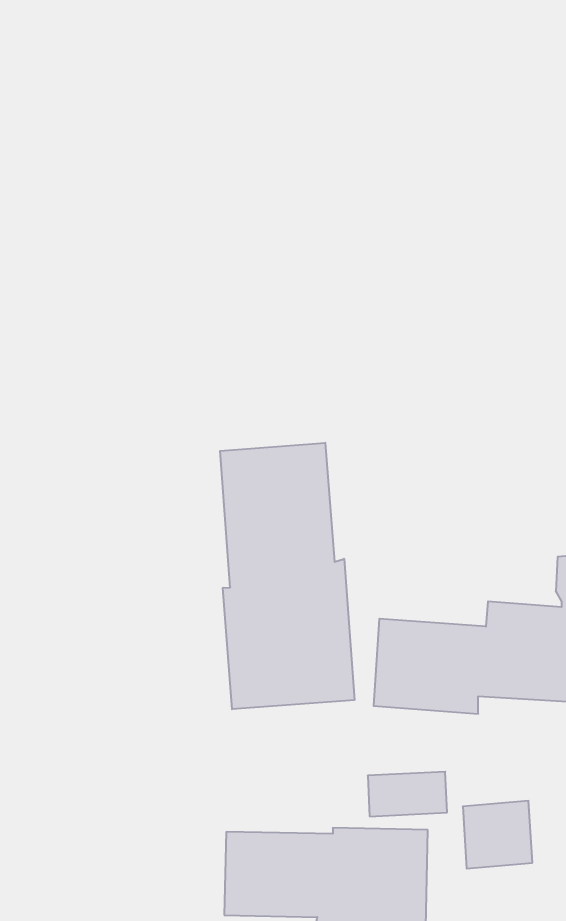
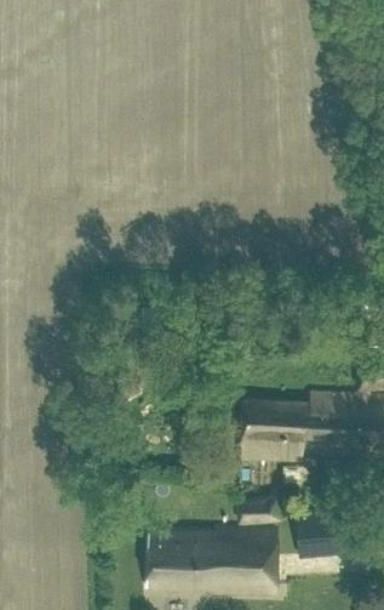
building: [220,443,354,709] -> none

